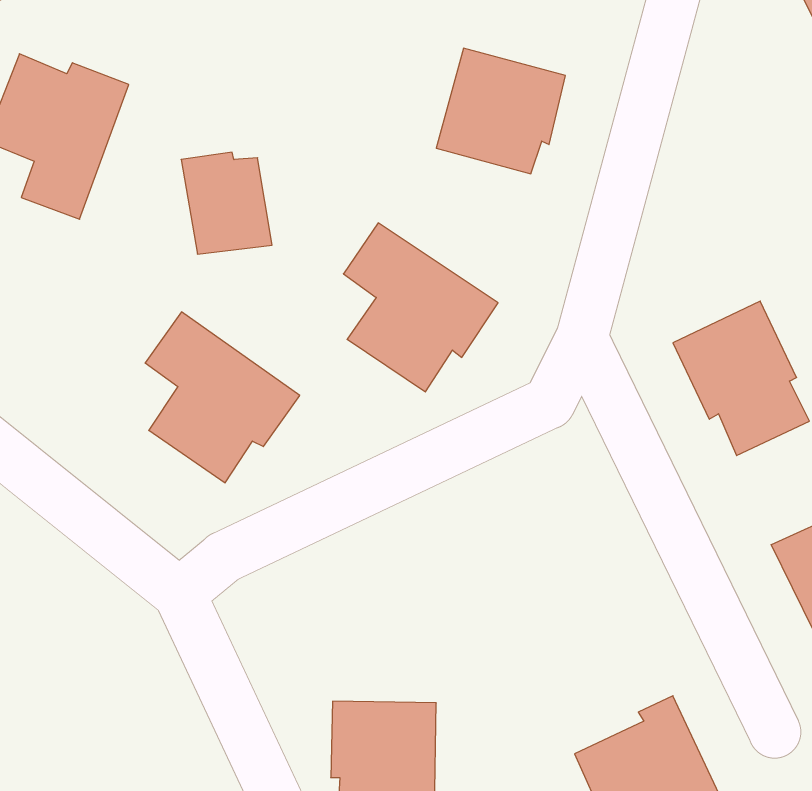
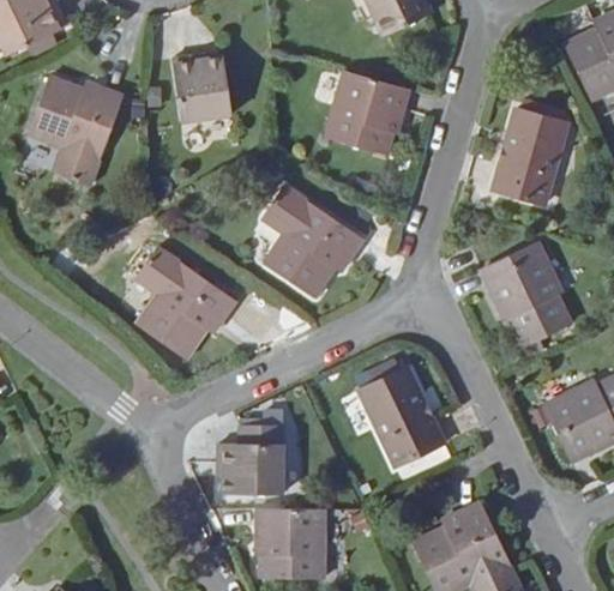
building: none -> [493,105,567,201]
building: [181,152,272,254] -> [171,54,231,121]
building: none -> [361,364,444,462]
building: none -> [218,422,284,492]

